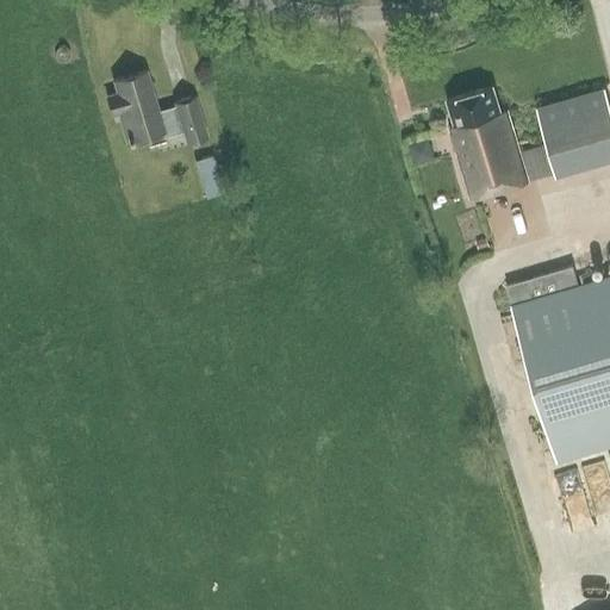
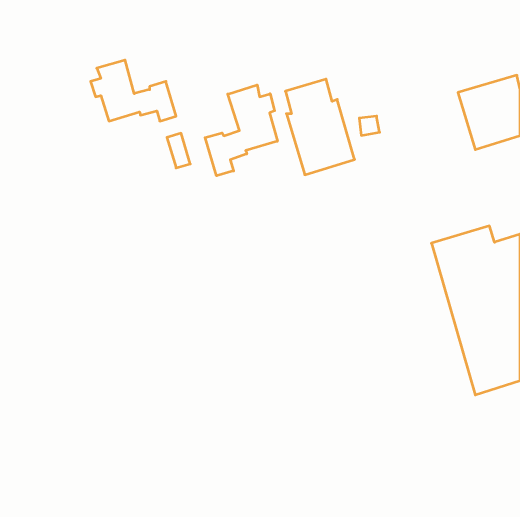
building: [448,89,529,201] -> [285,79,355,175]
building: none -> [205,85,277,176]

